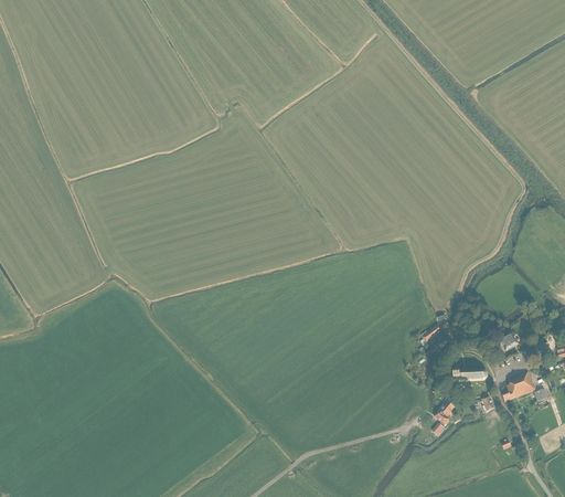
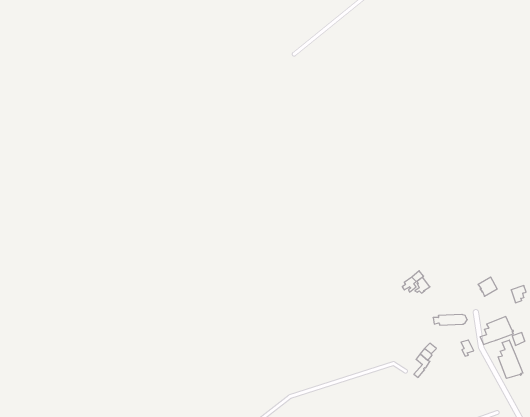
building: none -> [498,340,523,378]

